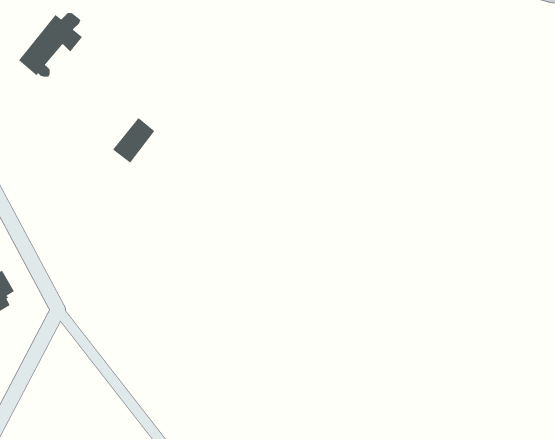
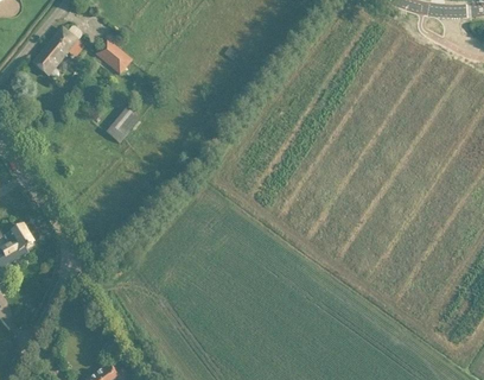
building: none -> [96,39,132,72]

